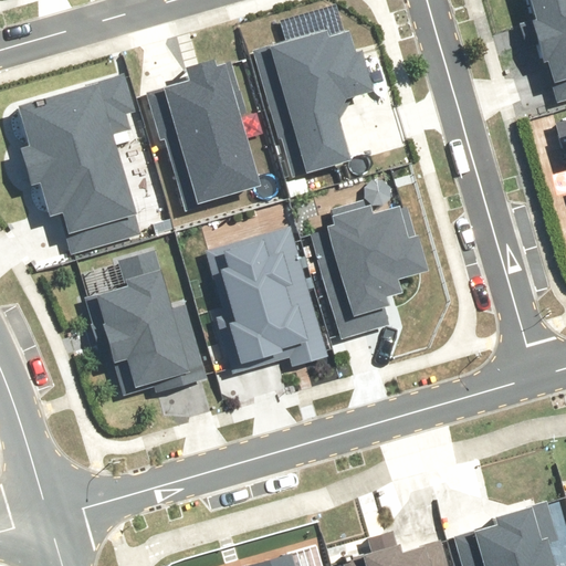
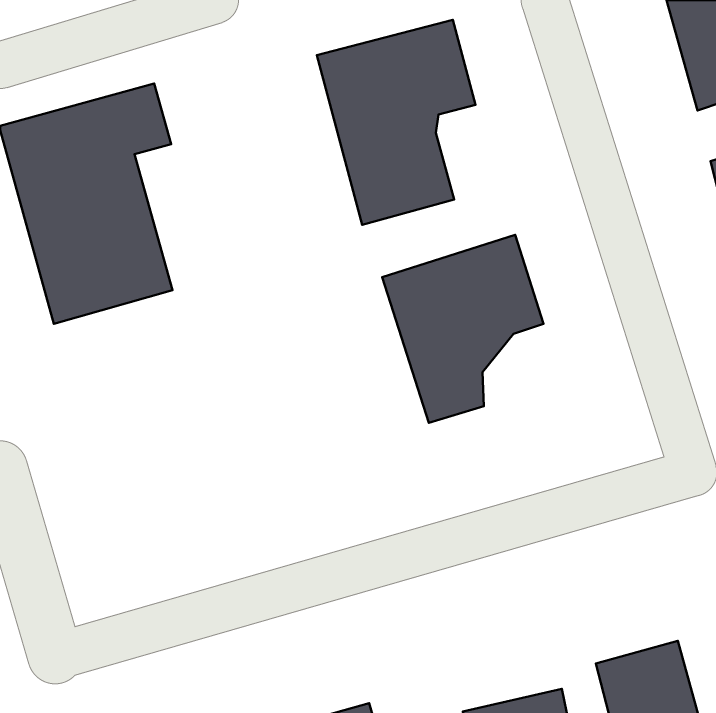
building: [156,60,265,208] -> none
building: [218,216,326,361] -> none
building: [94,249,201,395] -> none

